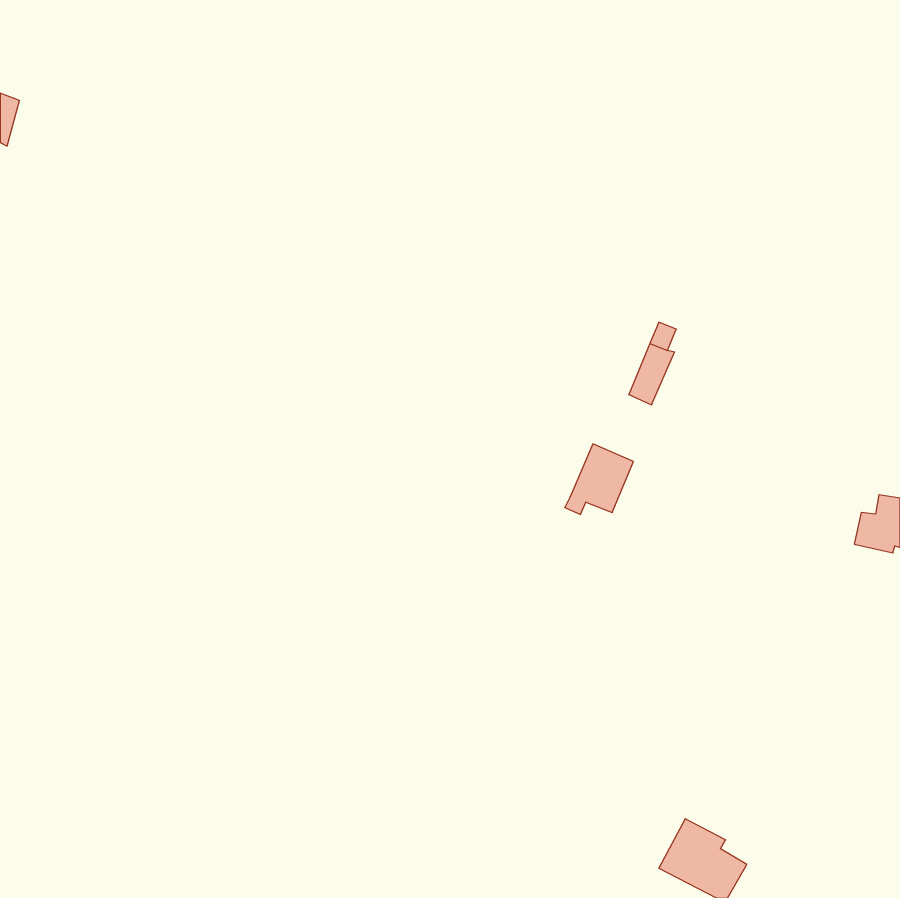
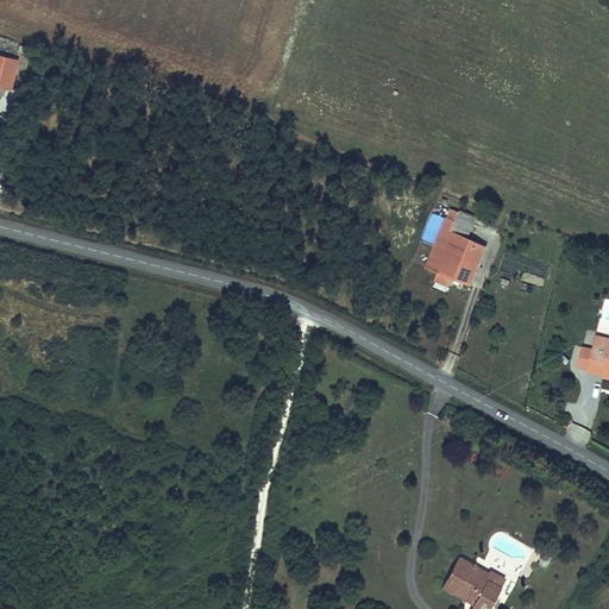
building: [565,444,633,514] -> [437,238,483,285]

